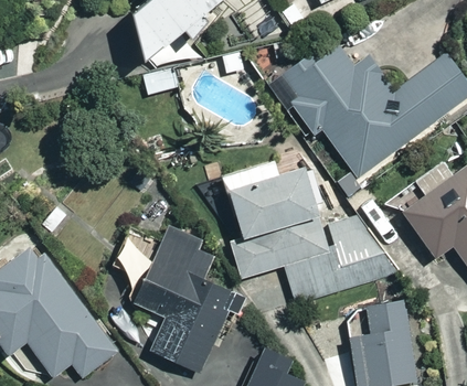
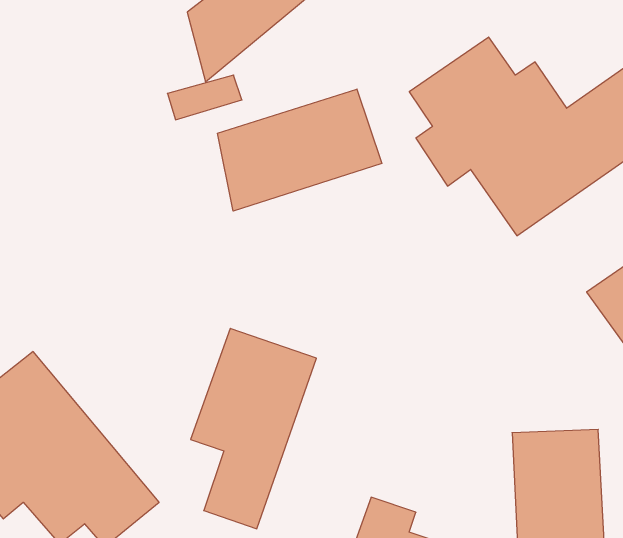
building: none -> [217,89,382,211]
building: [234,171,386,296] -> none

